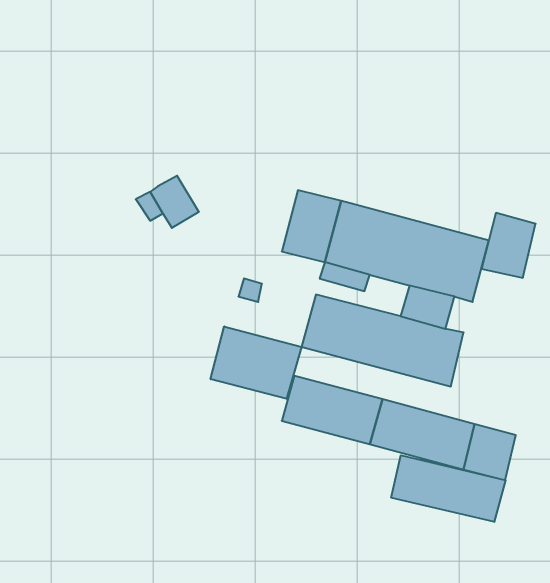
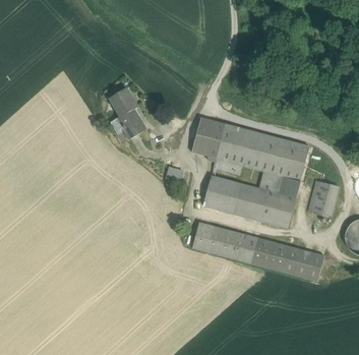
building: none -> [109,88,137,115]
building: [482,213,536,278] -> [308,180,339,217]
building: [211,326,301,399] -> none
building: [391,455,506,522] -> none

